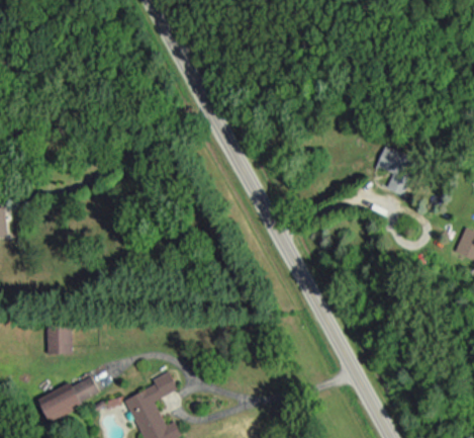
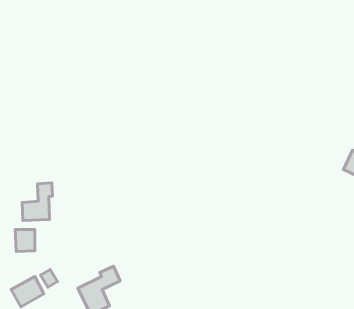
building: [377,146,419,196] -> none
building: none -> [22,183,53,220]

